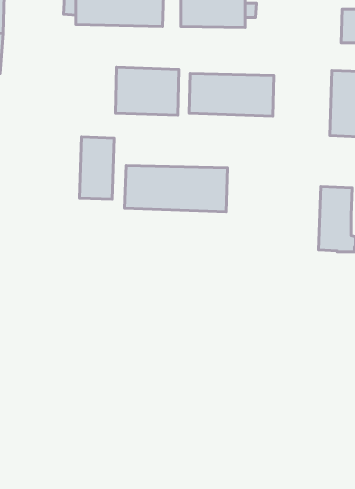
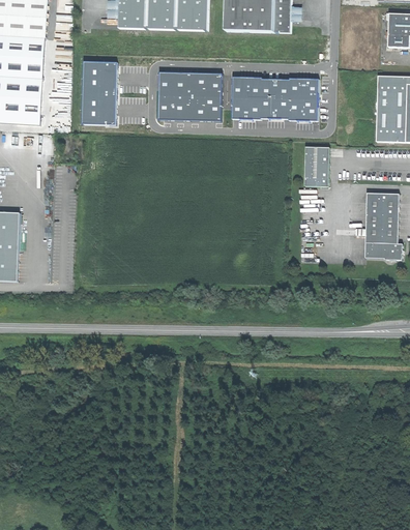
building: [79,137,114,199] -> [82,60,117,123]
building: none -> [303,146,329,185]
building: [125,165,228,212] -> none

